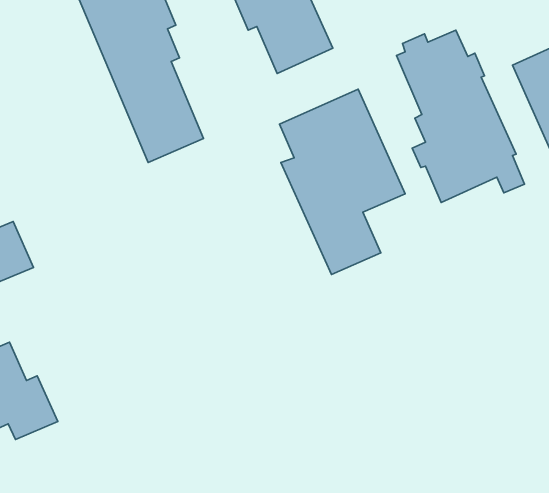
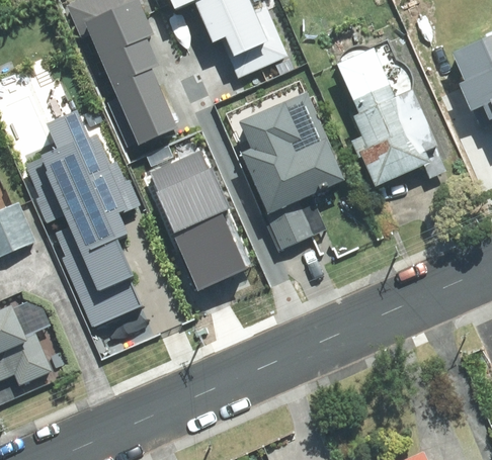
building: none -> [33,100,146,326]
building: none -> [147,150,244,287]

